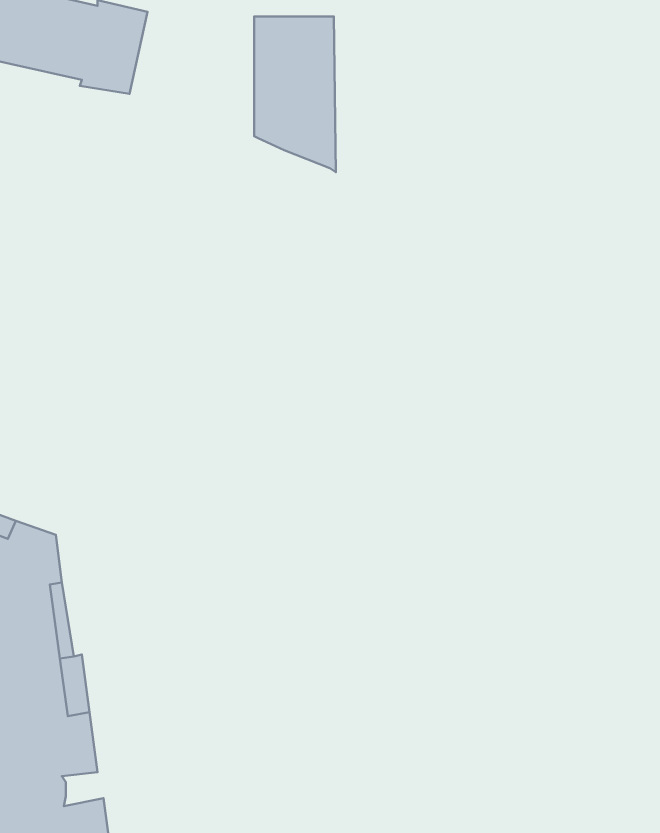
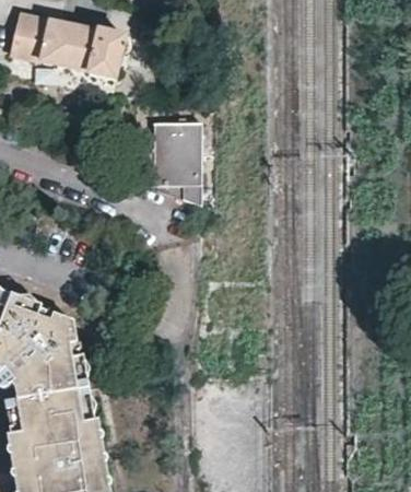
building: [254,16,336,172] -> [154,121,199,207]

